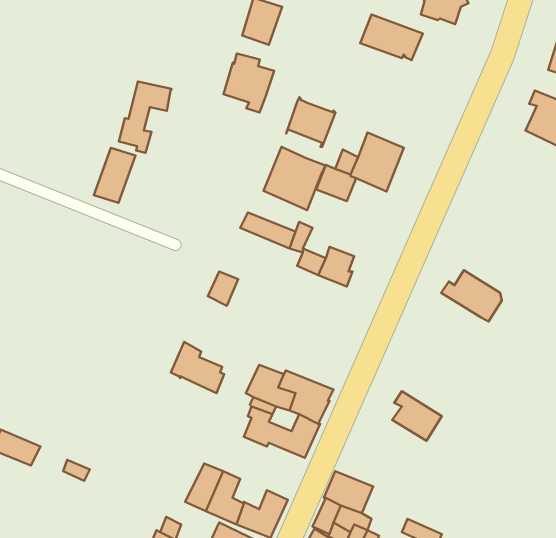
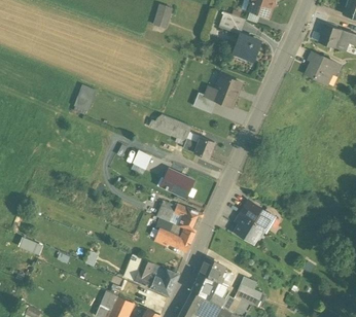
building: [224,54,274,113] -> none
building: [119,82,172,153] -> none
building: [286,97,336,147] -> [234,33,260,60]
building: [264,147,325,210] -> none
building: [441,270,502,321] -> [240,203,273,231]
building: [171,342,224,393] -> [162,170,190,198]

